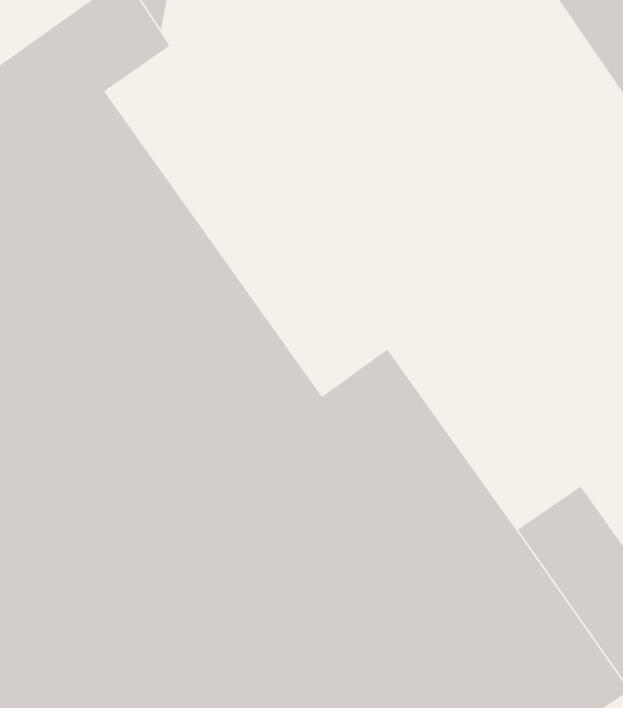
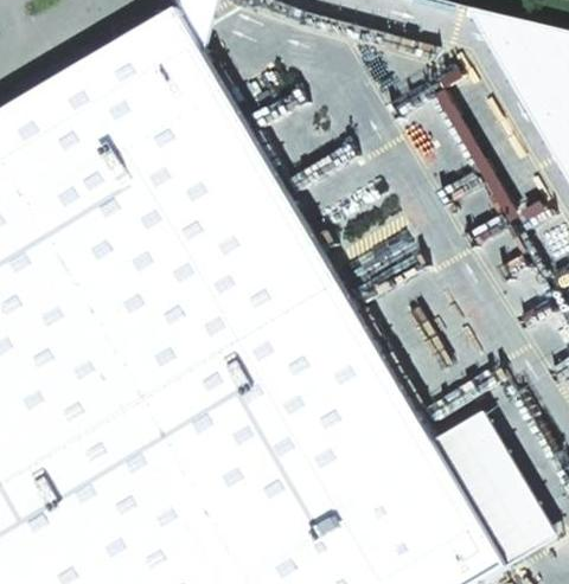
building: none -> [156,64,349,330]

